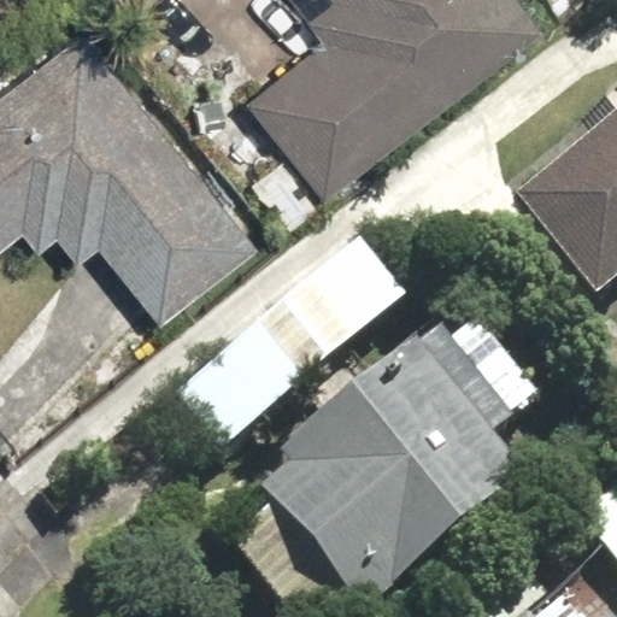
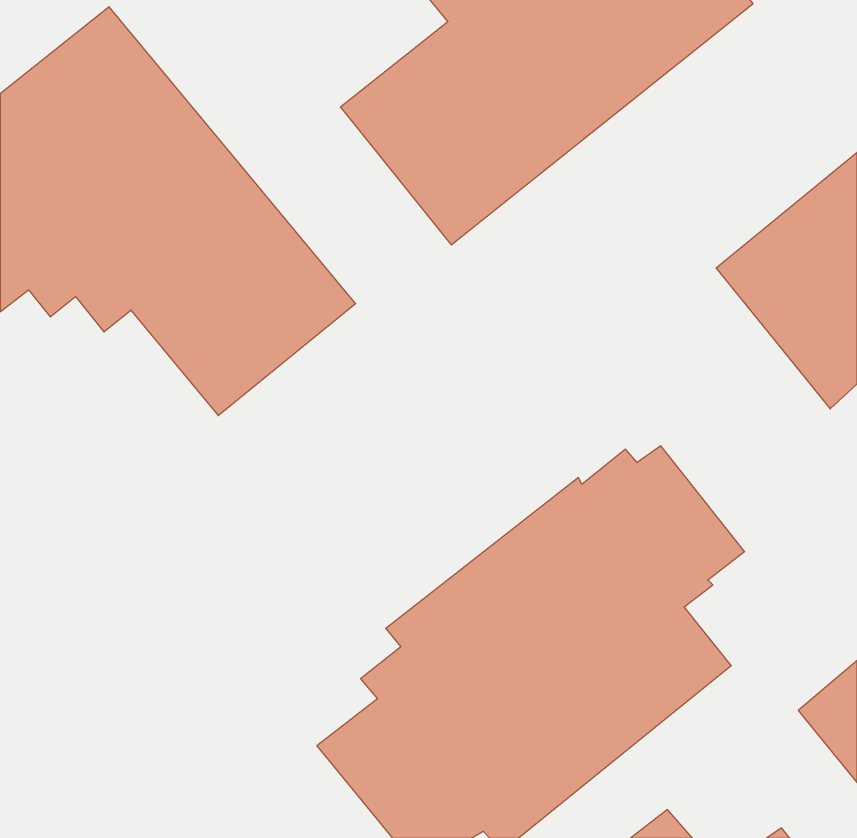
building: [174,242,402,451] -> none

